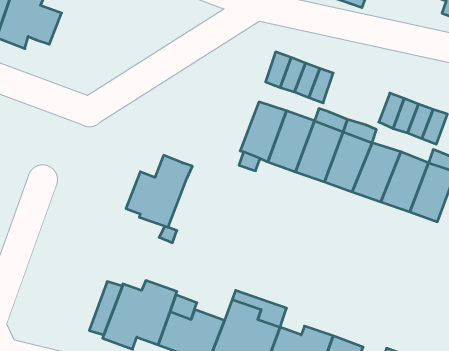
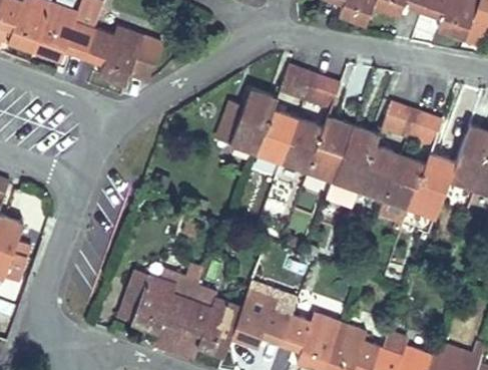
building: none -> [83,27,162,85]
building: [126,155,192,227] -> [217,88,278,153]

